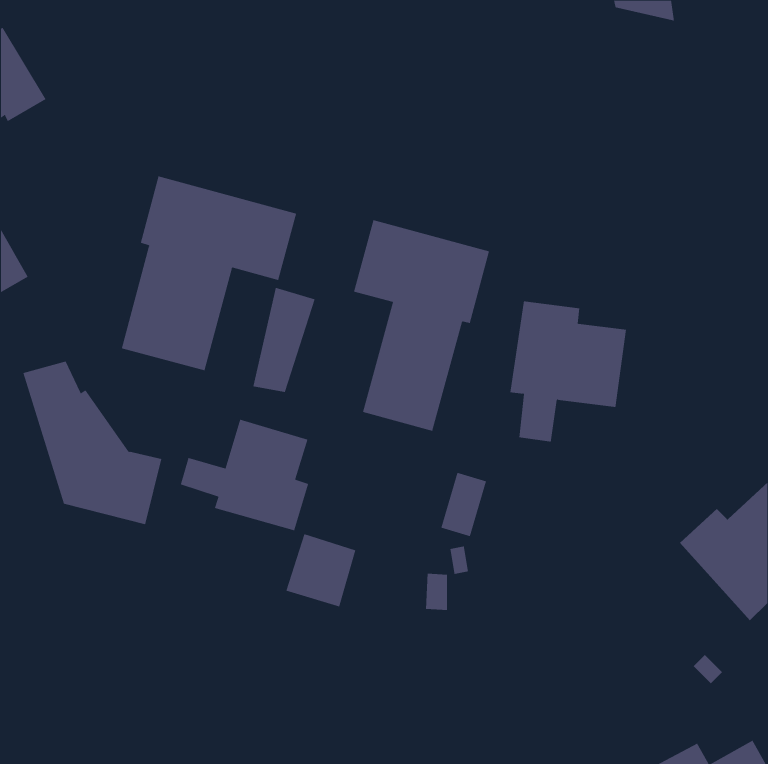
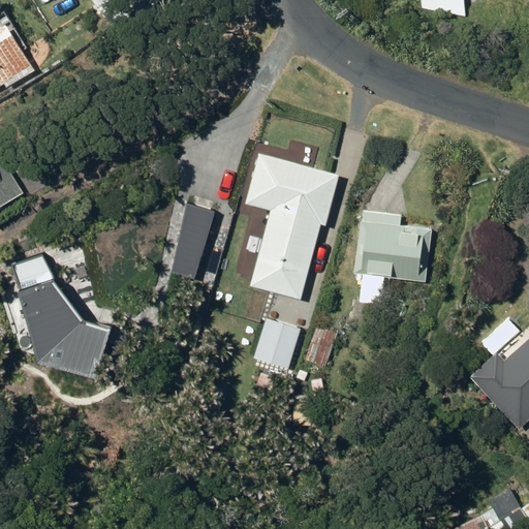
building: [121,176,297,371] -> none
building: [180,419,309,531] -> none
building: [286,534,356,607] -> [256,320,305,371]

